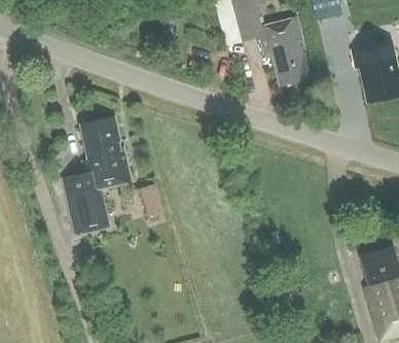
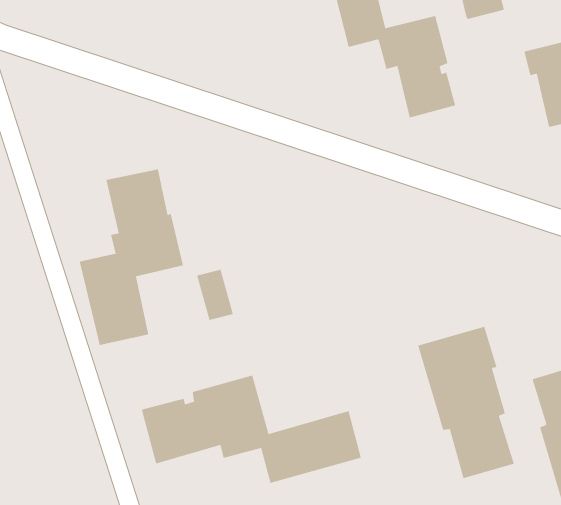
building: none -> [417,326,515,479]
building: none -> [141,375,362,484]

